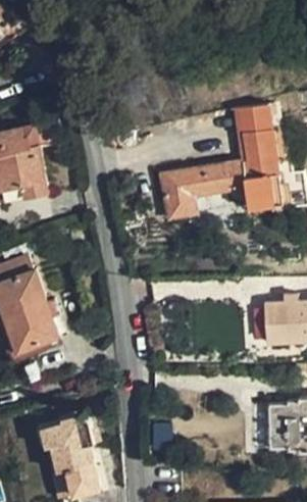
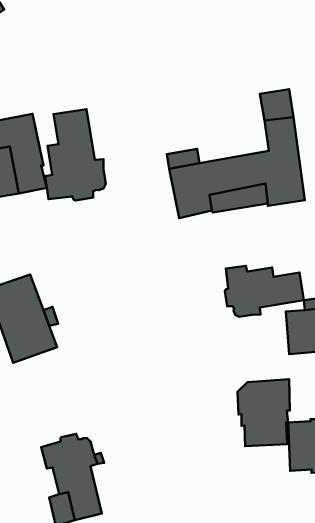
building: none -> [45,109,106,200]
building: none -> [225,266,304,317]
building: none -> [238,379,290,446]

